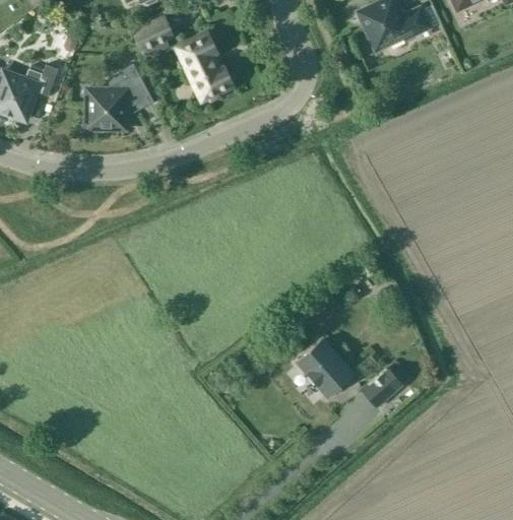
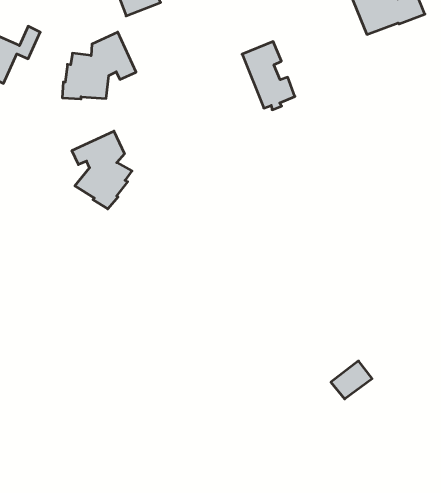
building: [179,35,233,101] -> [242,42,295,110]
building: none -> [72,131,132,209]
building: [299,340,354,396] -> none

